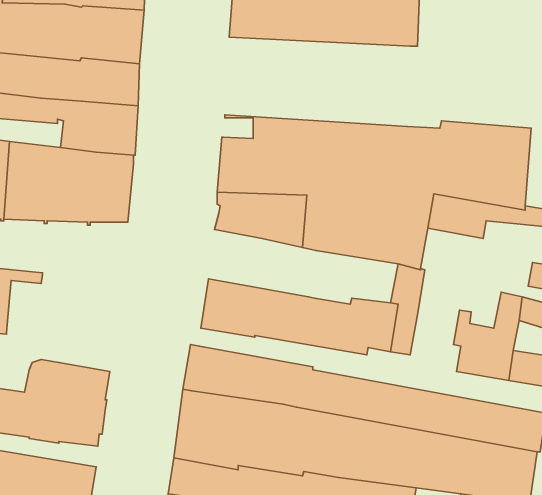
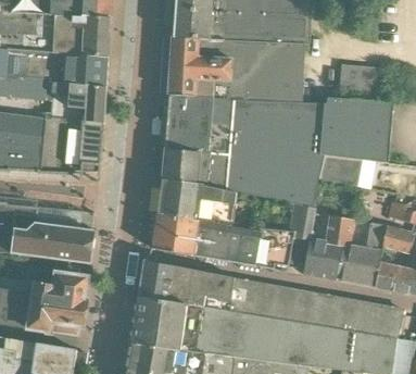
building: none -> [169,36,304,101]
building: none -> [338,63,378,97]
building: none -> [157,176,236,225]
building: none -> [303,214,352,279]
building: none -> [11,222,92,262]

